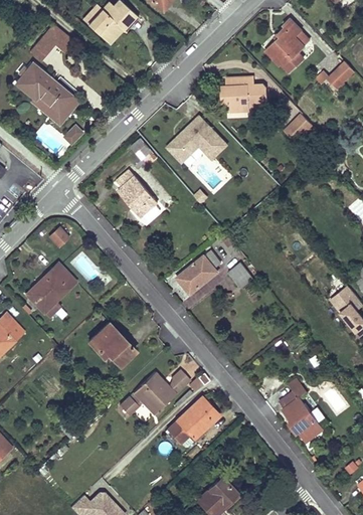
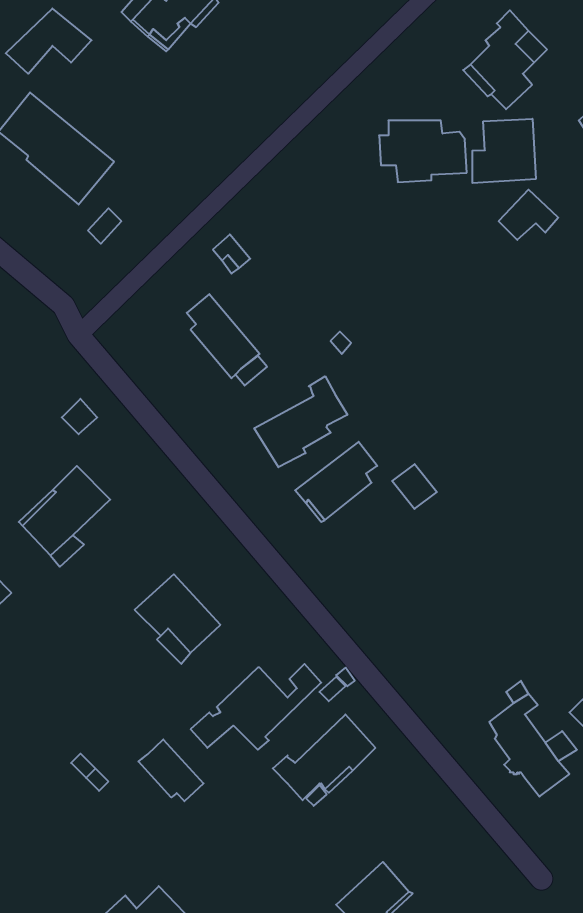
building: none -> [472,119,536,183]
building: [166,116,227,163] -> none
building: none -> [254,376,347,467]
building: none -> [138,739,204,801]

